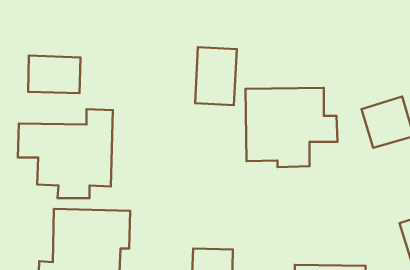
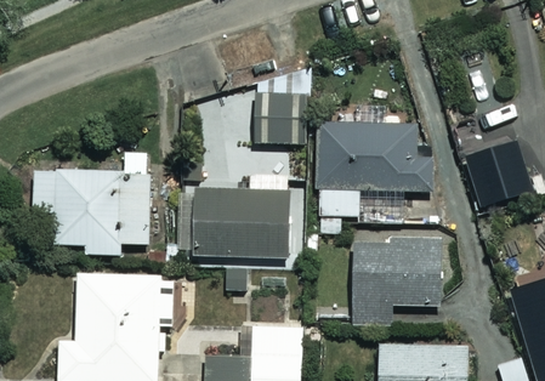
building: [28,56,81,93] -> none
building: none -> [178,178,288,260]
building: none -> [351,240,447,324]

